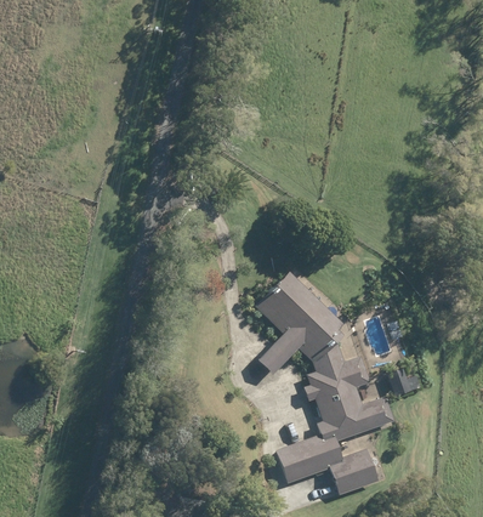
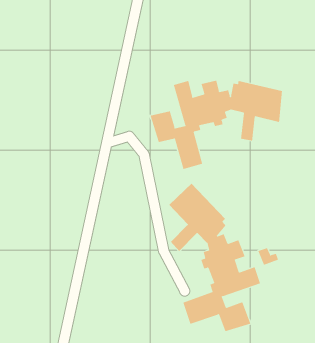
building: none -> [150,80,283,170]

